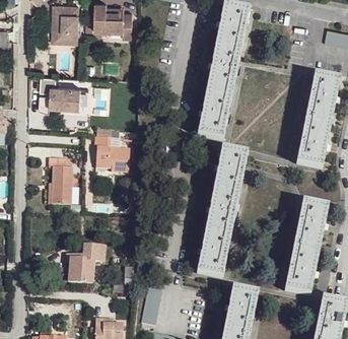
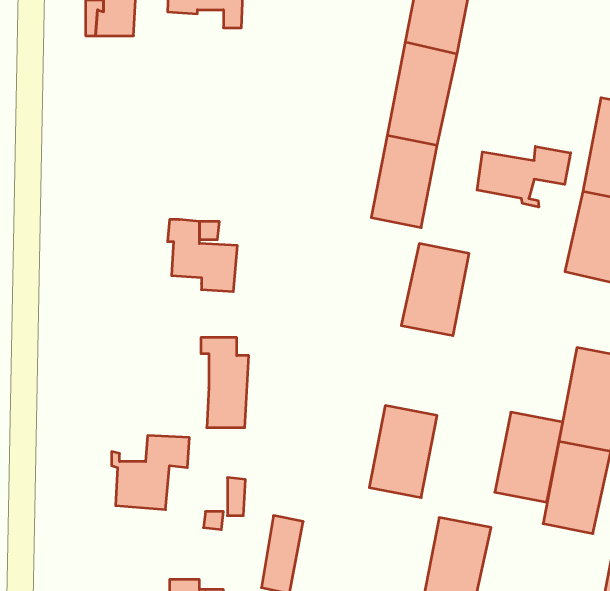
building: [39,77,80,114] -> none
building: none -> [477,146,571,207]
building: [48,158,72,204] -> [201,338,249,428]
building: [204,190,238,235] -> [495,412,563,502]

